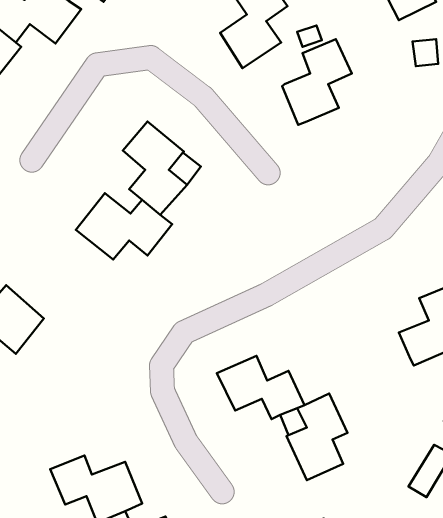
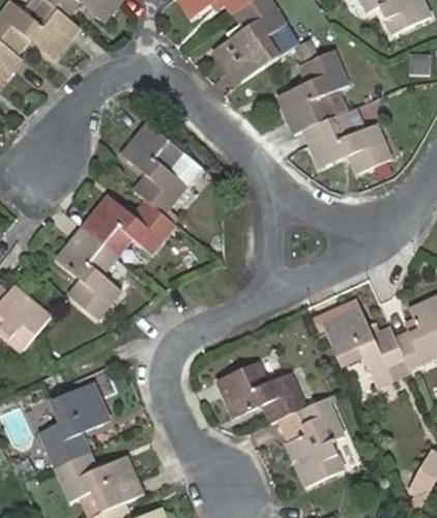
building: none -> [303,113,389,173]
building: none -> [56,235,118,324]
building: none -> [322,305,404,375]
building: none -> [40,386,107,467]

